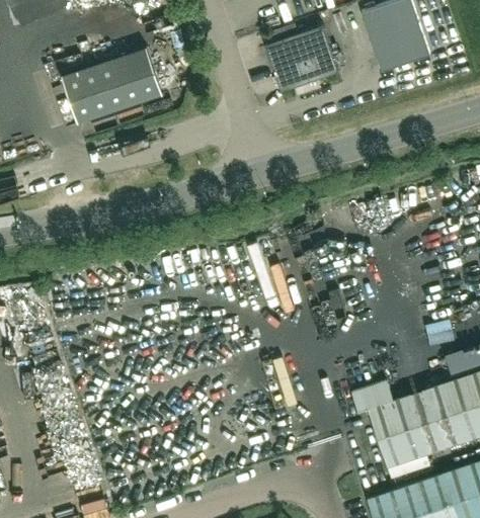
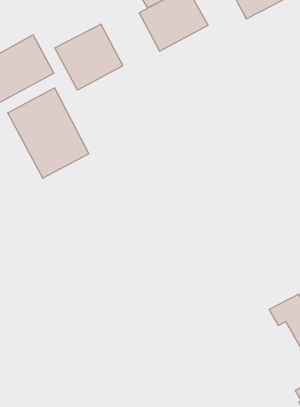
building: none -> [55,24,123,90]
building: none -> [8,88,89,178]

